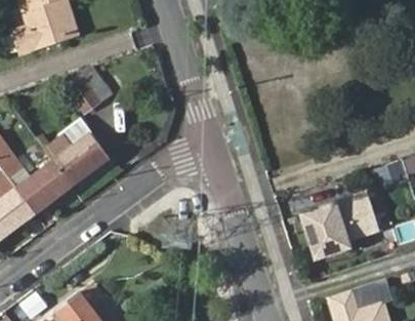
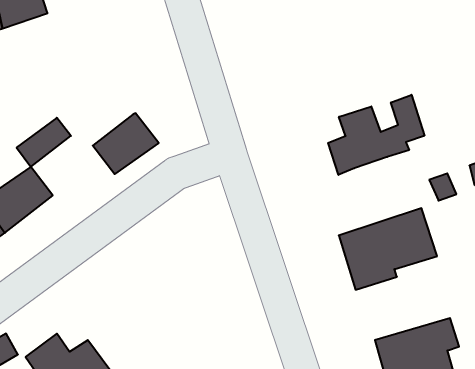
building: [67,71,111,111] -> none
building: none -> [328,95,424,175]
building: [56,133,109,182] -> [93,113,159,174]

